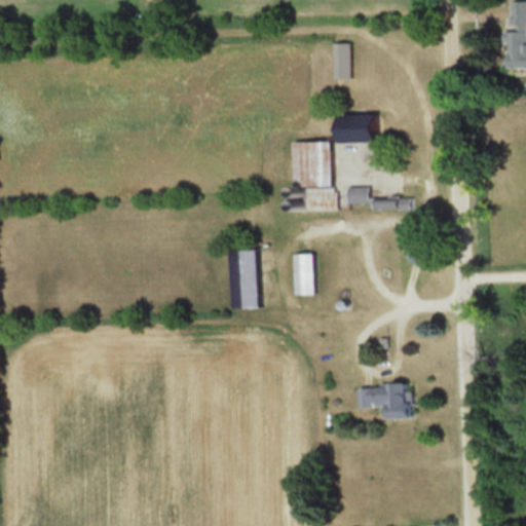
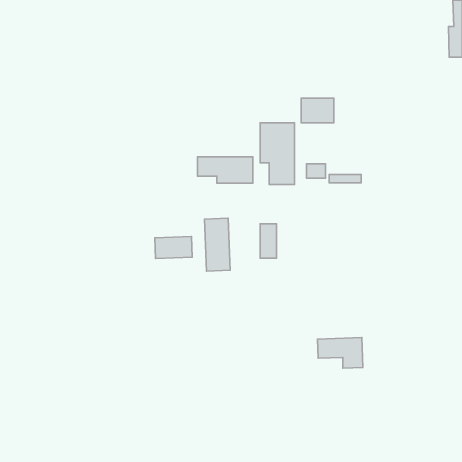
building: [335,43,351,79] -> none
building: none -> [197,157,253,183]
building: none -> [155,237,192,259]

